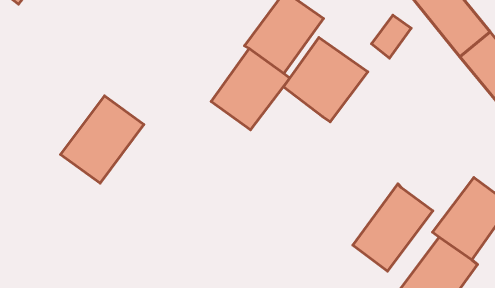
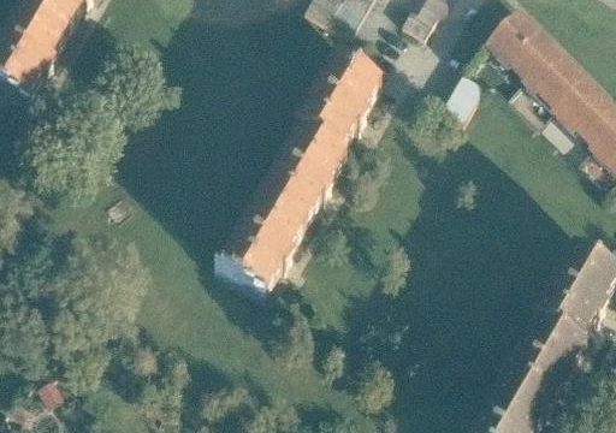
building: [283,37,368,122] -> none
building: [61,96,144,183] -> [217,186,310,289]
building: [353,184,433,271] -> none

